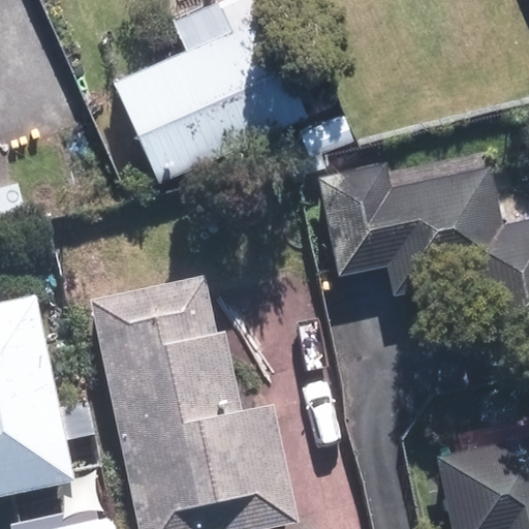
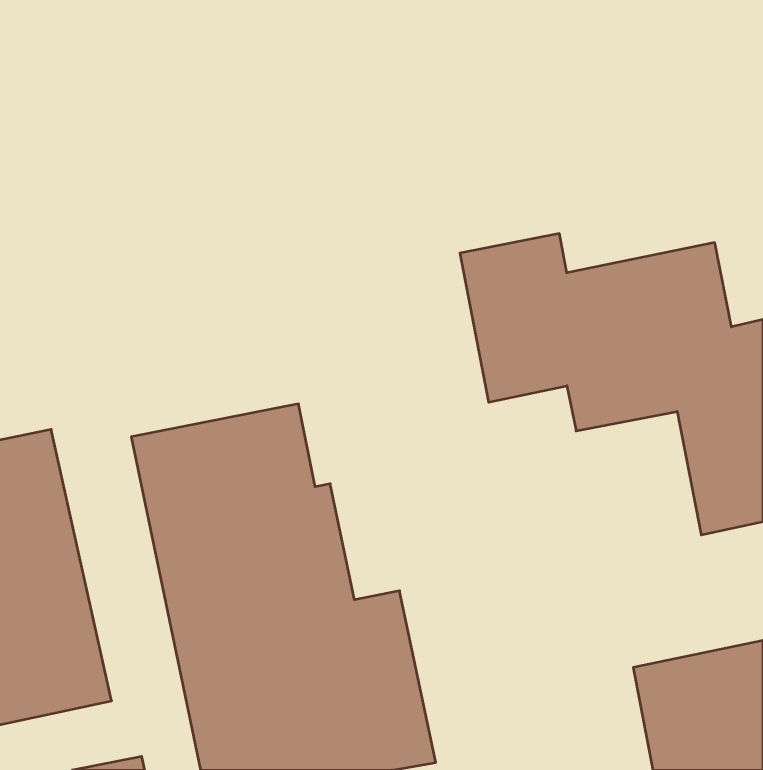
building: [113,8,307,175] -> none

